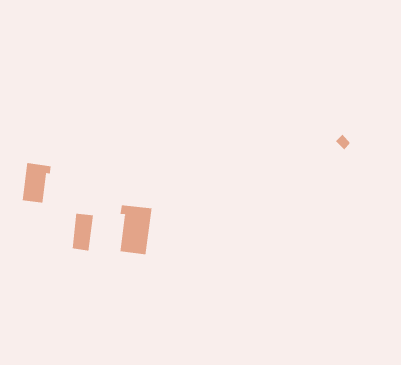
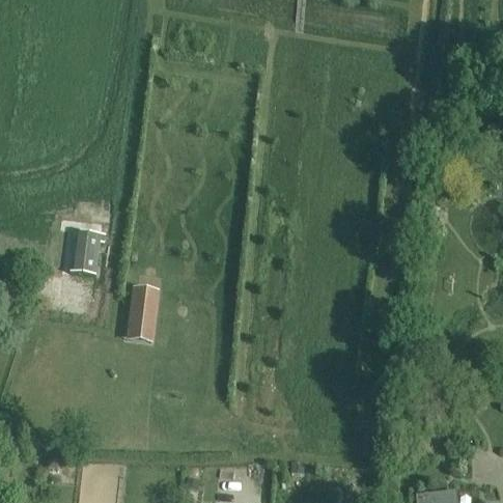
building: [120,205,152,255] -> none

